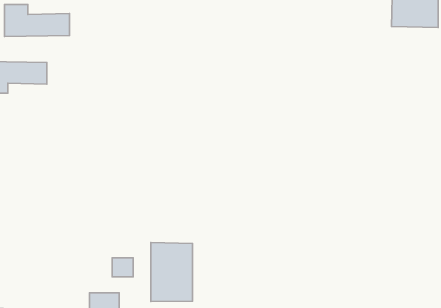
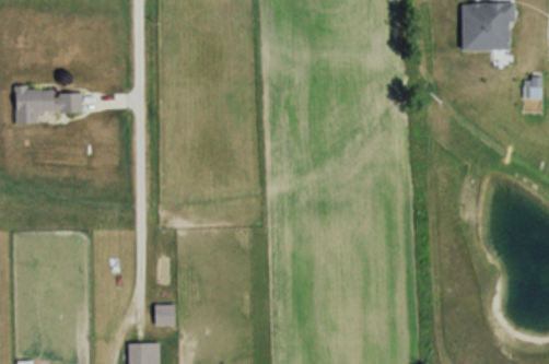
building: [4,5,69,36] -> none
building: [151,242,193,301] -> none

